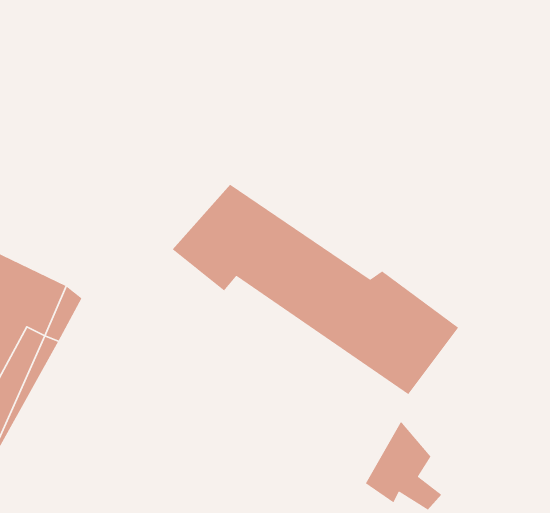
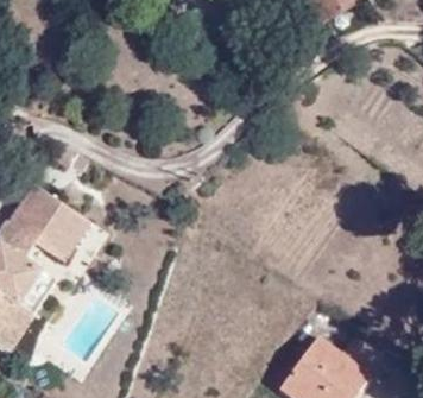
building: [172,184,459,395] -> none

